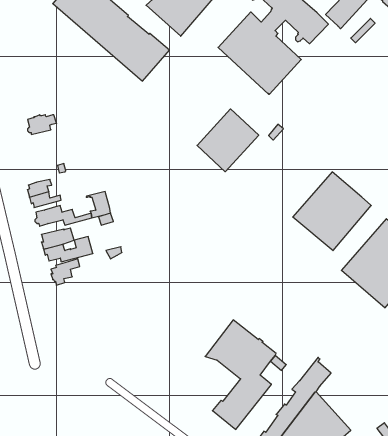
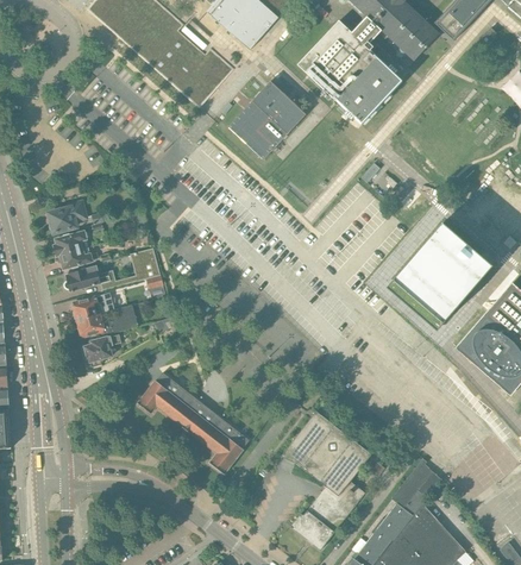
building: [197,109,259,172] -> [227,81,306,161]
building: [28,115,57,134] -> [49,207,86,232]
building: none -> [137,372,250,473]

